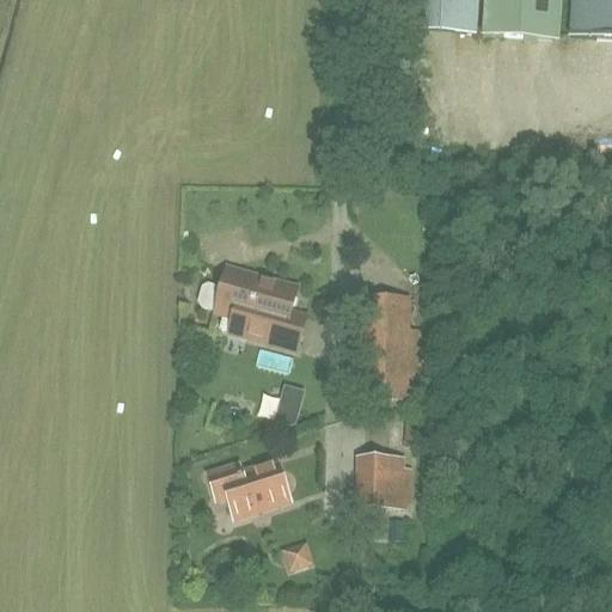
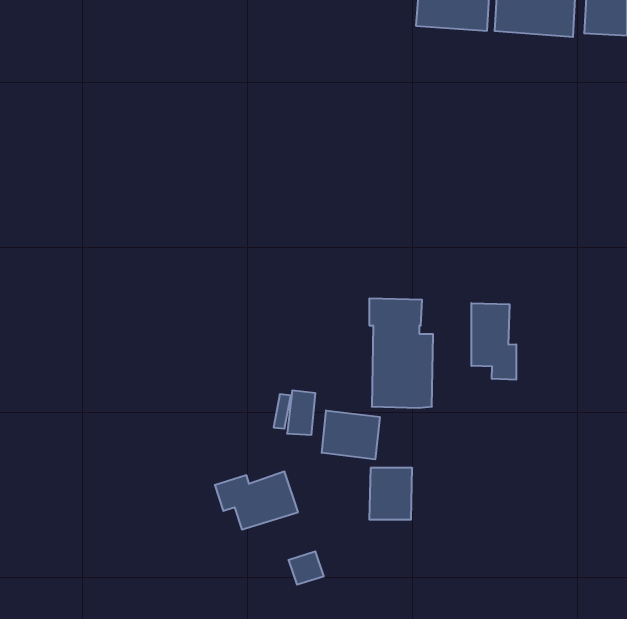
building: [197,265,308,348] -> none
building: none -> [471,303,516,380]
building: none -> [322,410,380,459]

